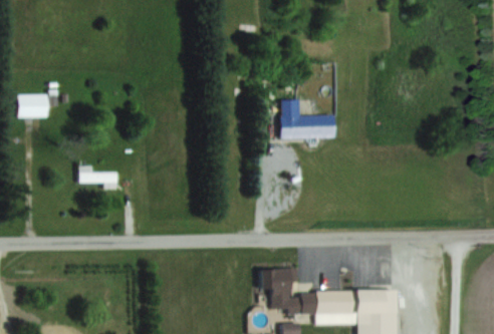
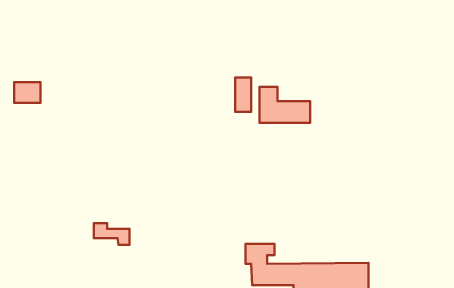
building: none -> [235,78,251,112]
building: [79,166,117,190] -> [94,223,130,245]

